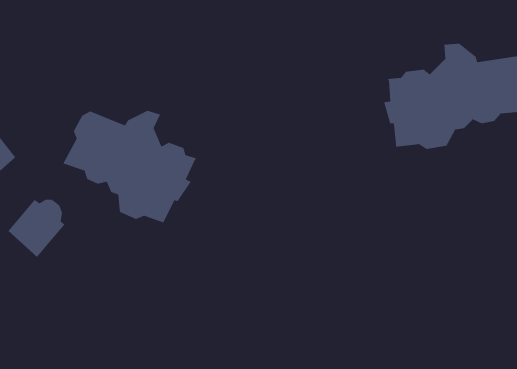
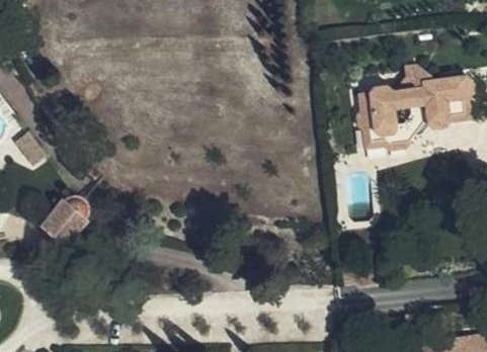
building: [62,110,197,223] -> none

